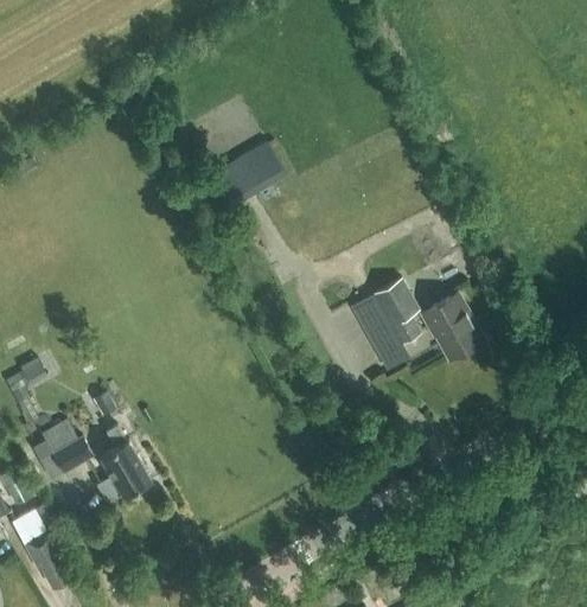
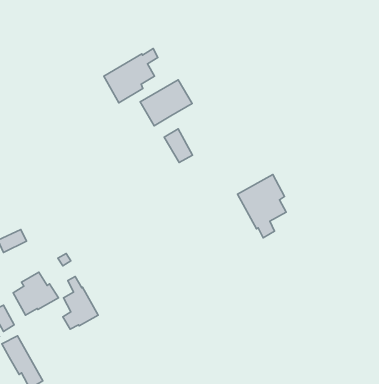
building: none -> [104,49,158,103]
building: none -> [164,129,193,163]
building: [422,294,484,360] -> none

